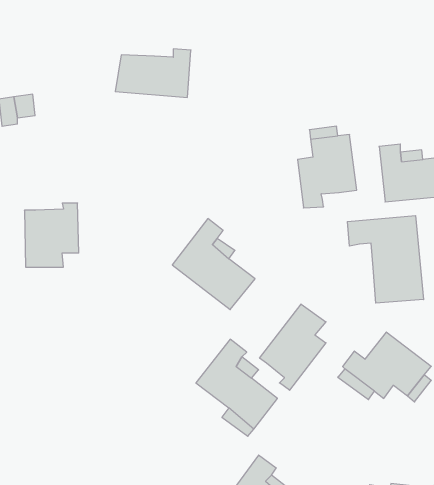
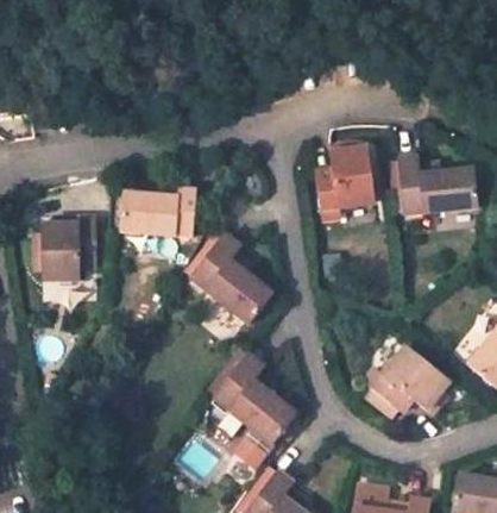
building: [115,49,191,97] -> [118,188,194,237]
building: [347,216,424,303] -> none
building: [260,304,326,390] -> none

